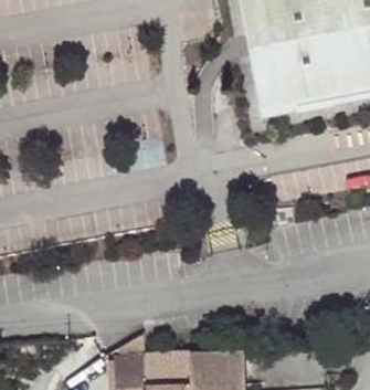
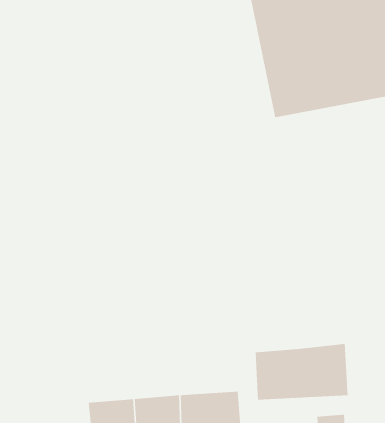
building: none -> [255,343,348,401]

